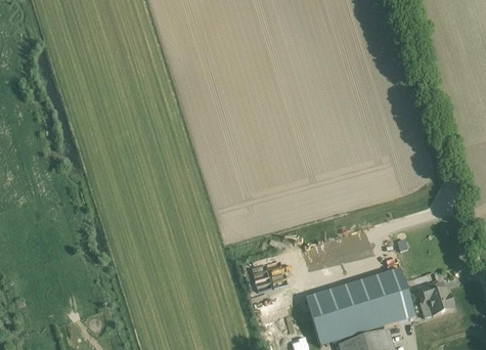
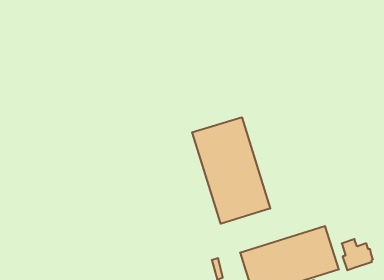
building: none -> [192,117,270,224]

